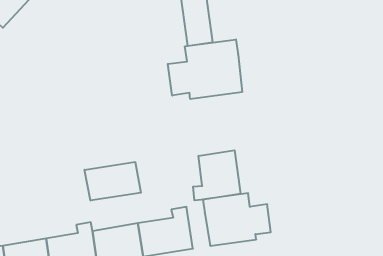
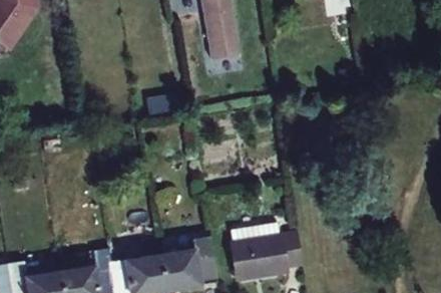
building: [168,39,242,99] -> none
building: [193,150,241,200] -> none
building: [85,162,141,201] -> none

